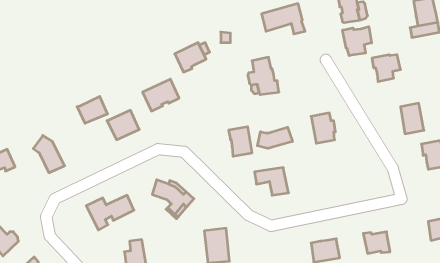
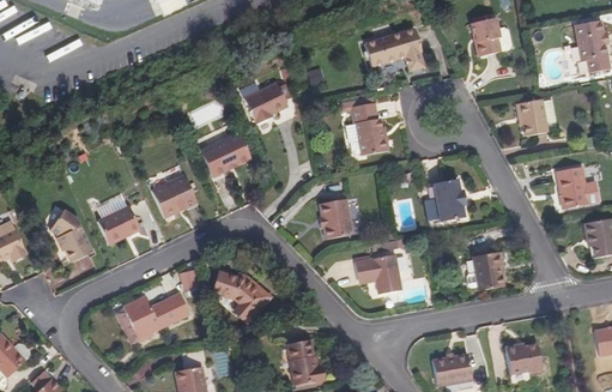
building: [343,27,372,56] -> none
building: [77,96,108,123] -> [97,205,139,242]
building: [257,127,292,148] -> none
building: none -> [472,251,503,289]

